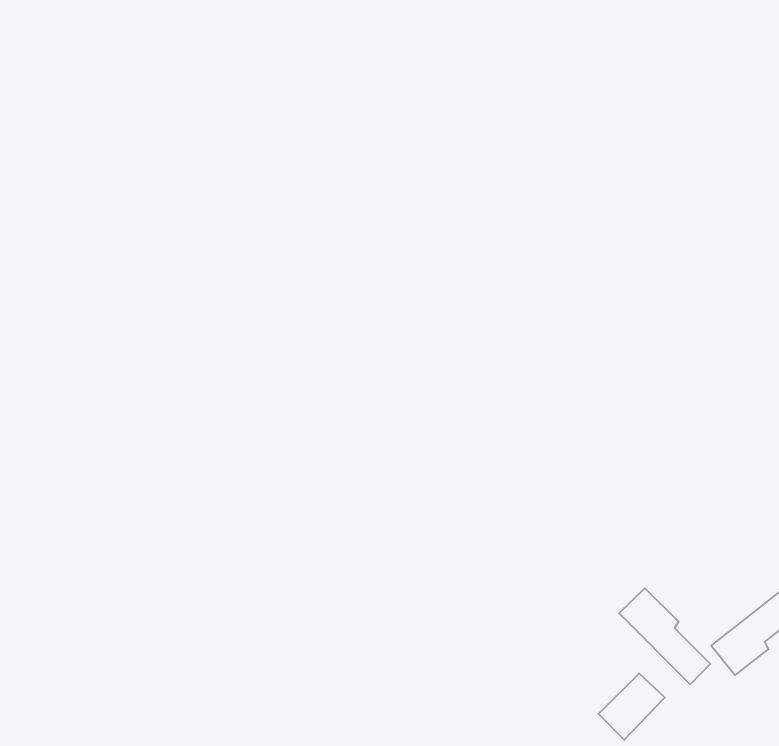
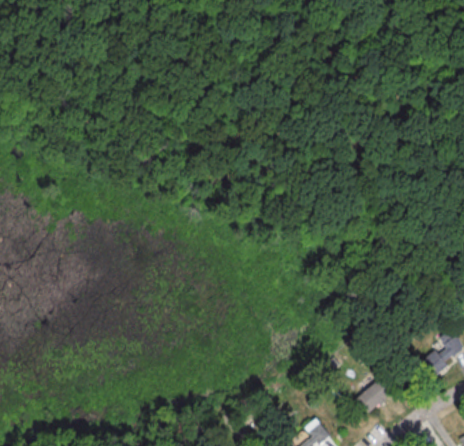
building: [619,588,710,684] -> none

